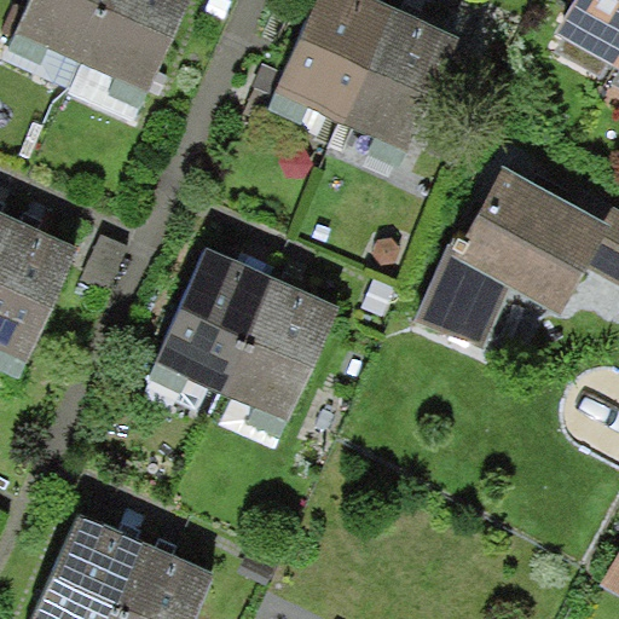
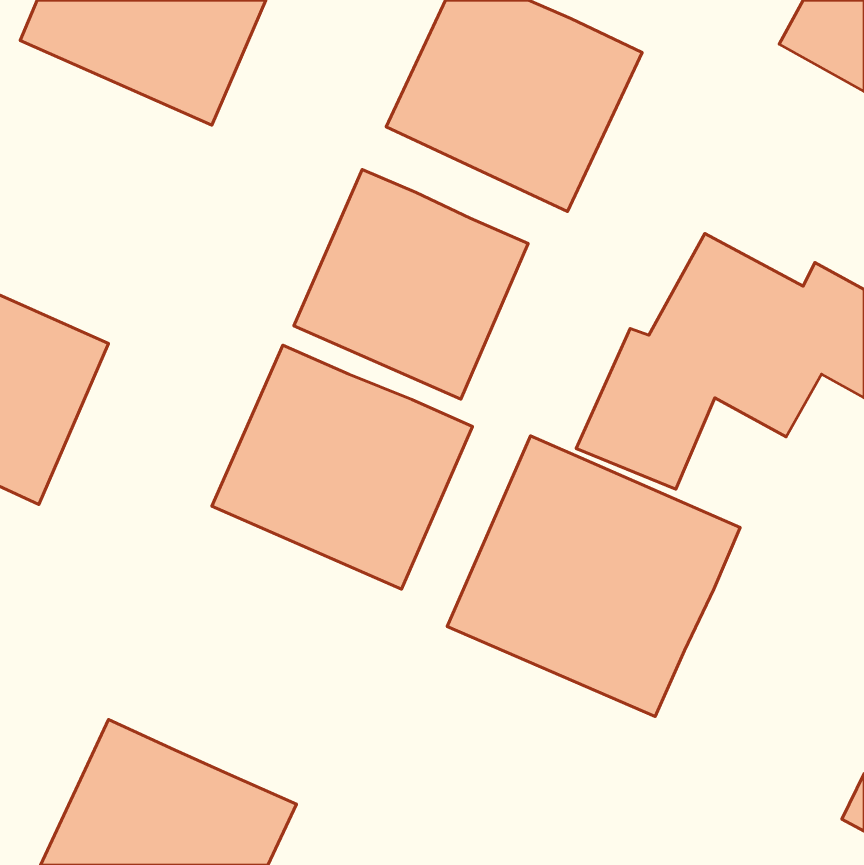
building: none -> [294,169,528,399]
building: none -> [447,436,740,717]

